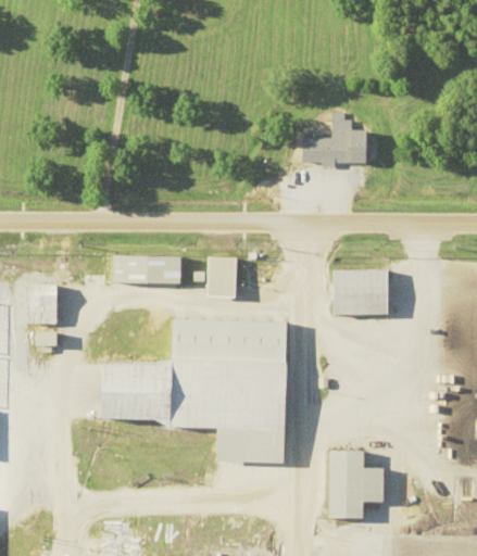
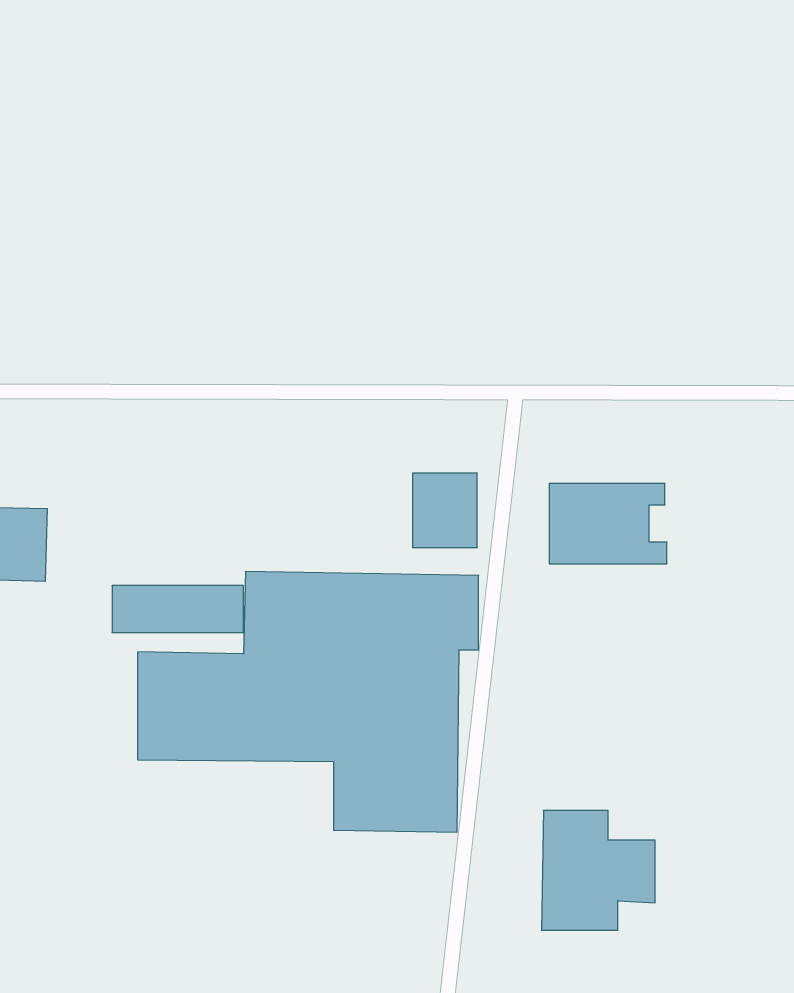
building: [305,112,369,165] -> none
building: [105,256,178,282] -> [112,586,243,633]
building: [203,256,239,298] -> [413,473,477,548]

